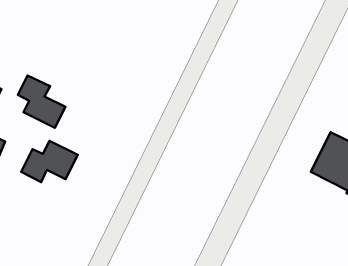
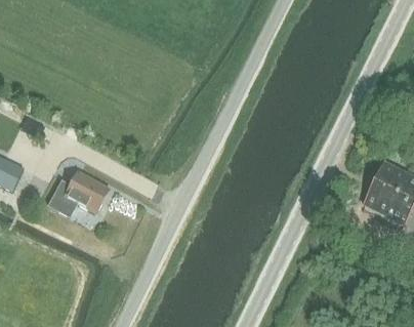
building: [18,75,66,128] -> none

